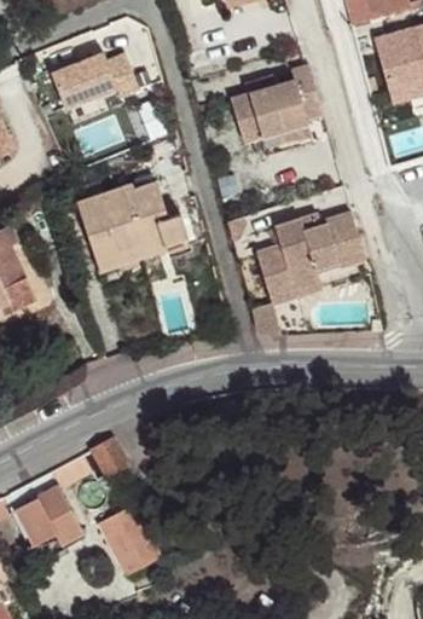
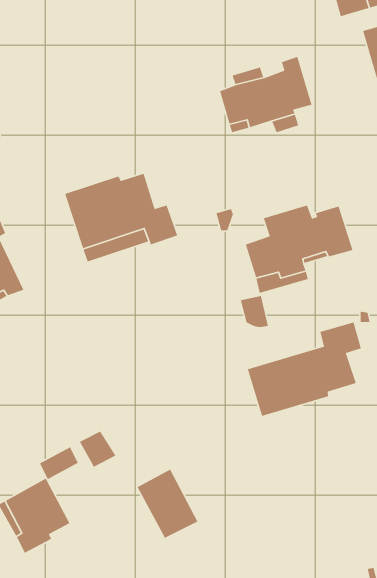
building: [51,52,139,109] -> none
building: none -> [247,321,362,417]
building: [98,505,160,575] -> [137,469,198,539]

